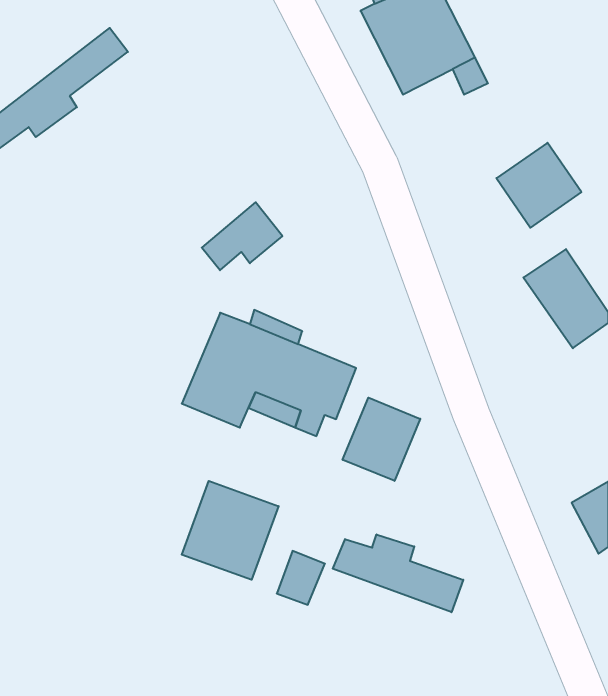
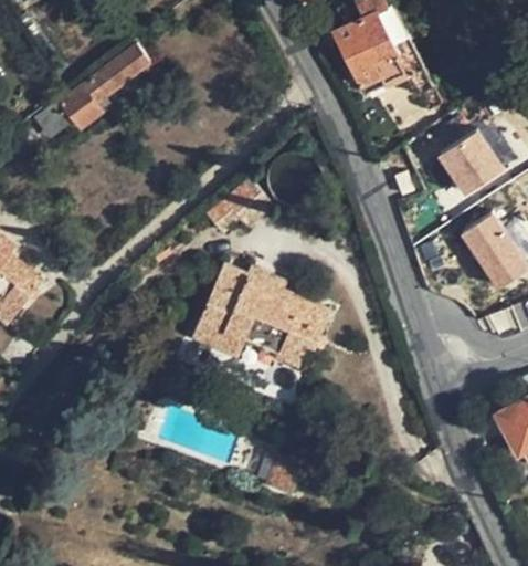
building: [343,398,420,481] -> none
building: [182,481,279,580] -> none
building: [333,534,463,612] -> none

